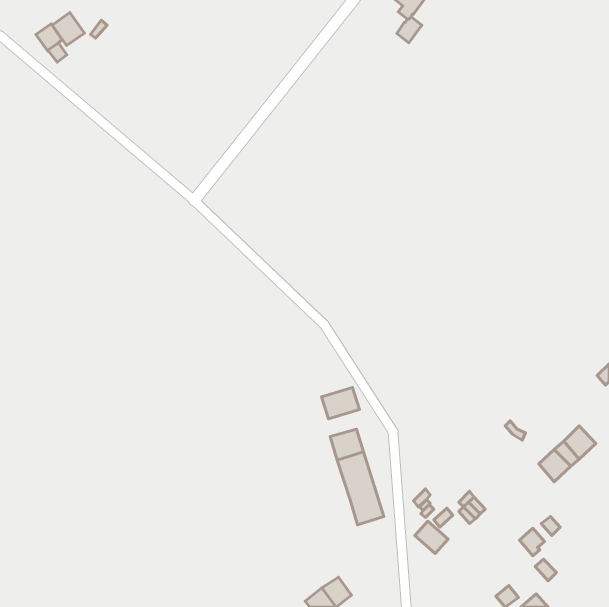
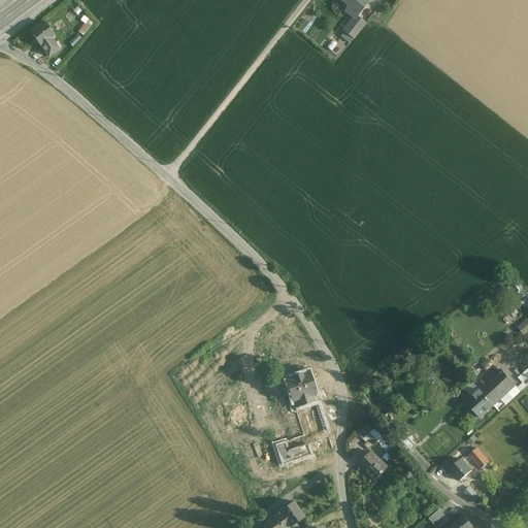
building: [52,13,85,46] -> none
building: [322,388,360,419] -> none
building: none -> [276,433,309,463]

